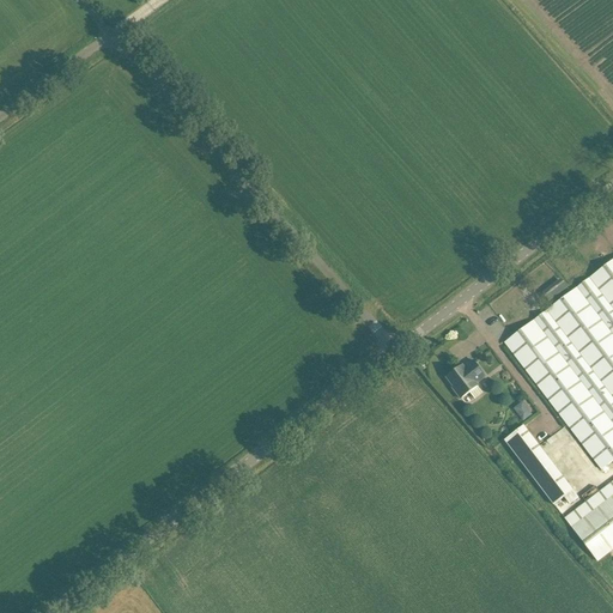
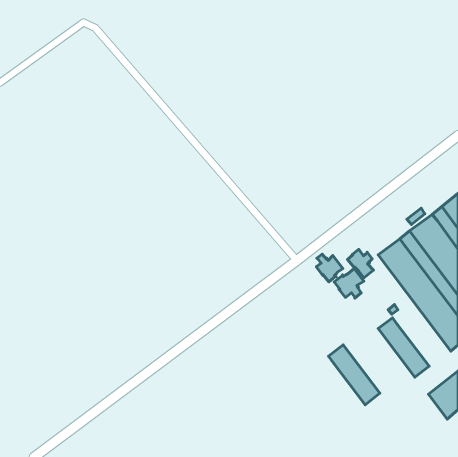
building: none -> [348,250,374,278]
building: none -> [316,254,343,282]
building: none -> [328,345,380,405]

